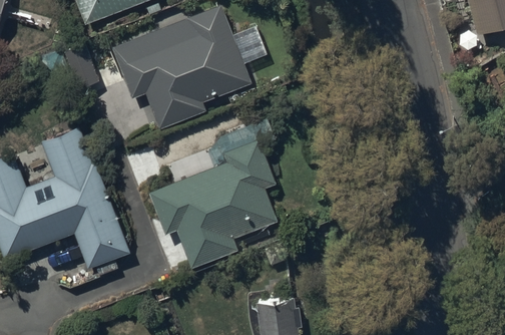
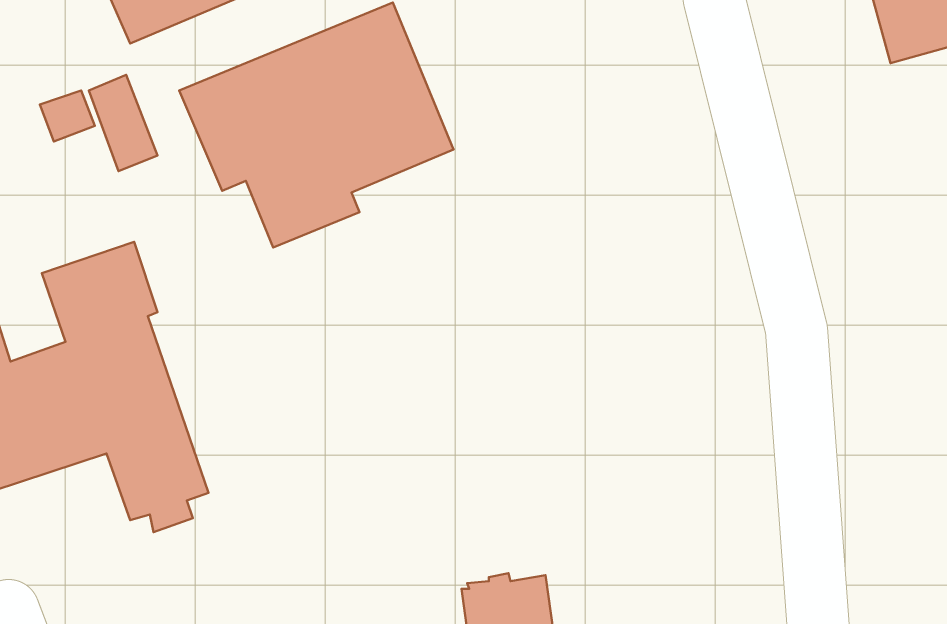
building: [150,114,288,268] -> none

